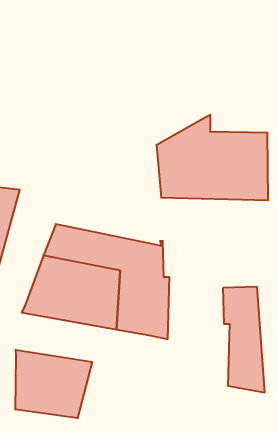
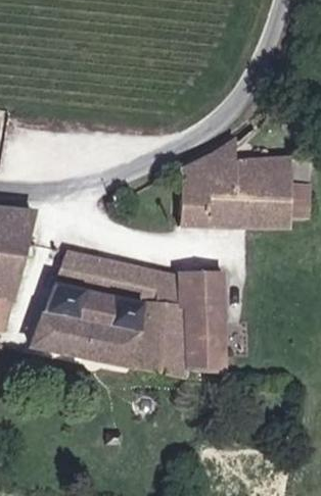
building: [223,287,265,392] -> [186,268,231,382]
building: [15,350,92,418] -> none

